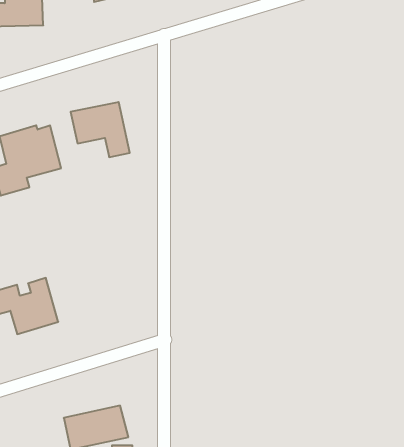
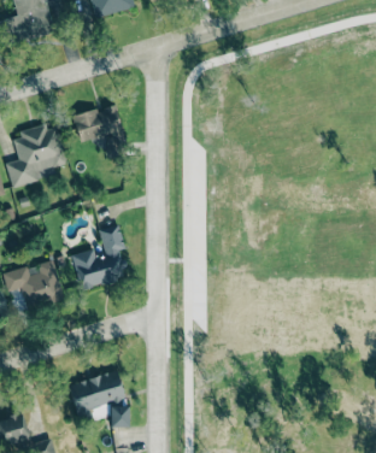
building: none -> [72,224,127,289]

